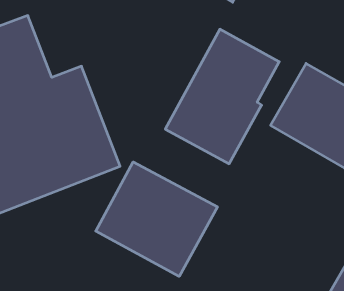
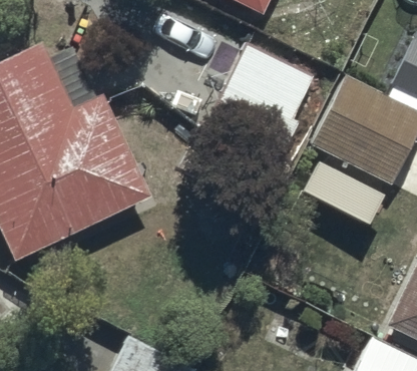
building: [96,162,217,276] -> none

